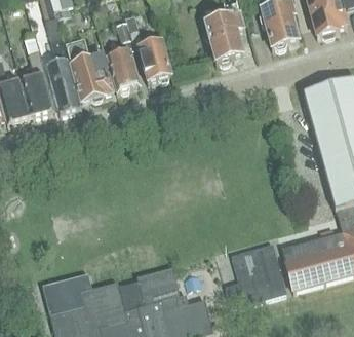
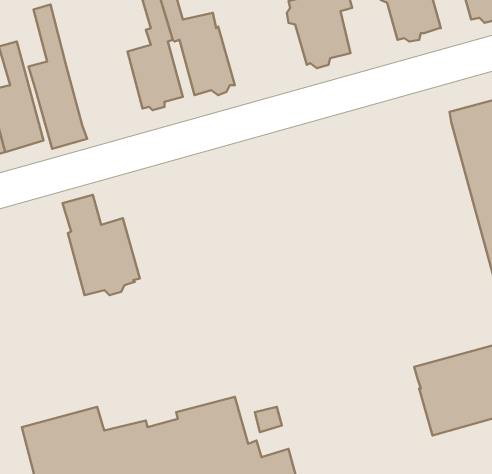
building: [66,39,113,101] -> [63,195,140,295]
building: [225,244,285,308] -> none

